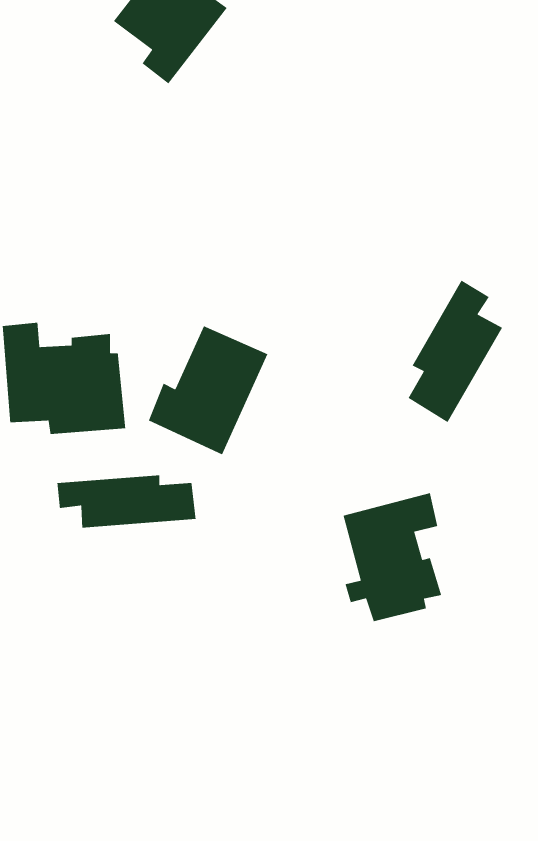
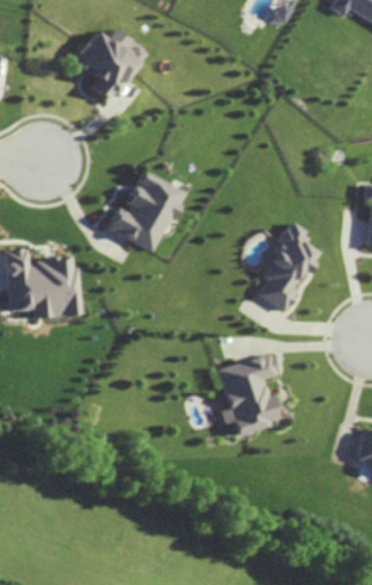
building: [148,325,268,455] -> [107,172,182,253]
building: [57,474,197,528] -> none

